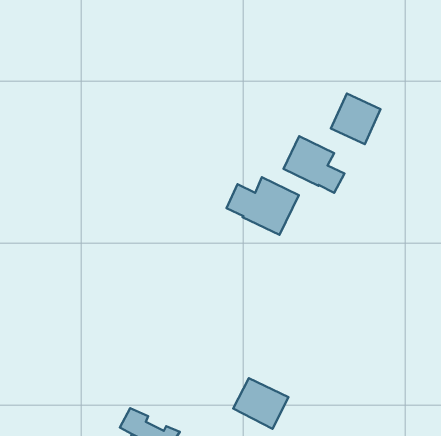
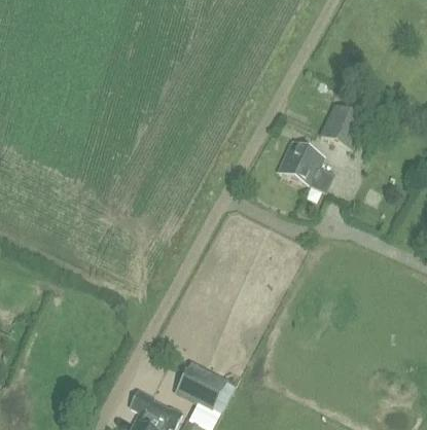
building: [227,177,299,235] -> none
building: [233,378,288,429] -> [177,363,227,409]

